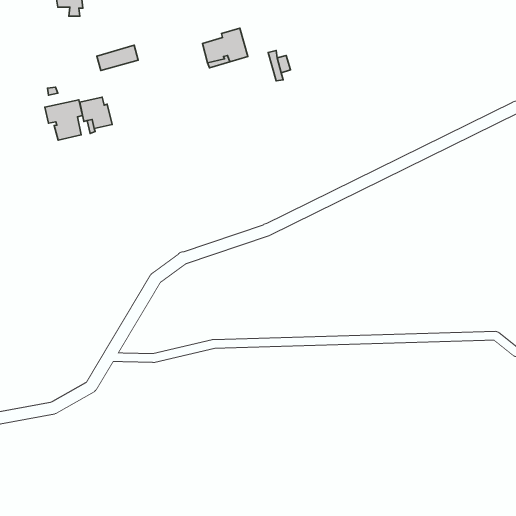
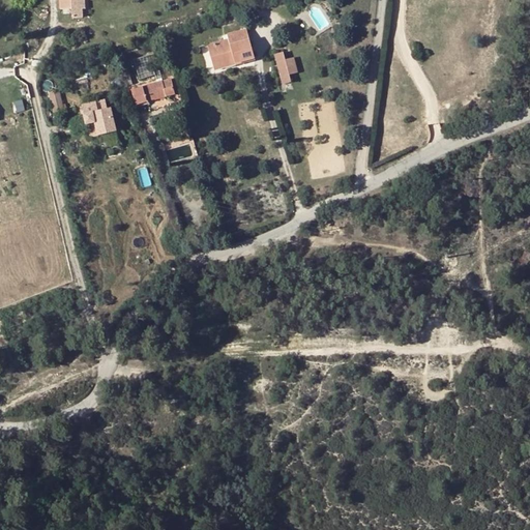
building: [97,45,138,70] -> [131,78,174,104]
building: [45,100,82,140] -> none

